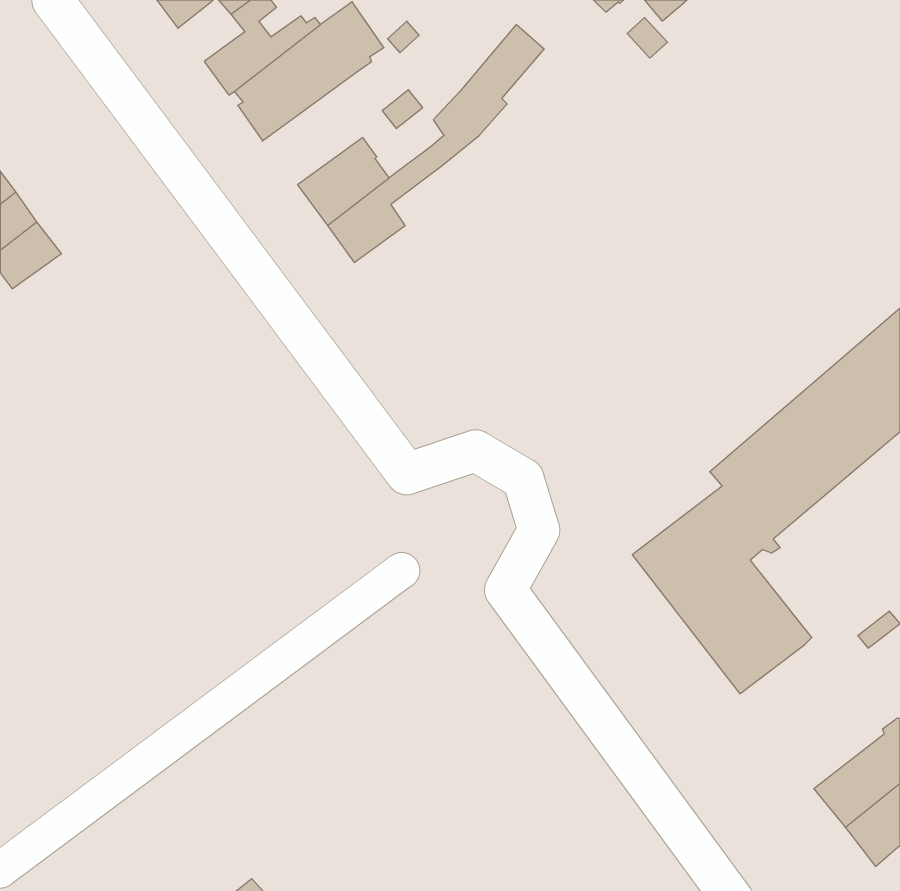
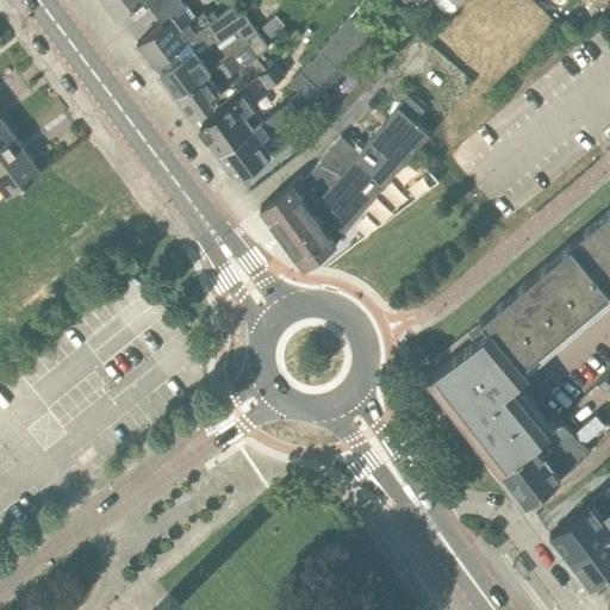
building: none -> [178,56,247,123]
building: none -> [261,100,430,273]
building: none -> [500,427,587,509]

